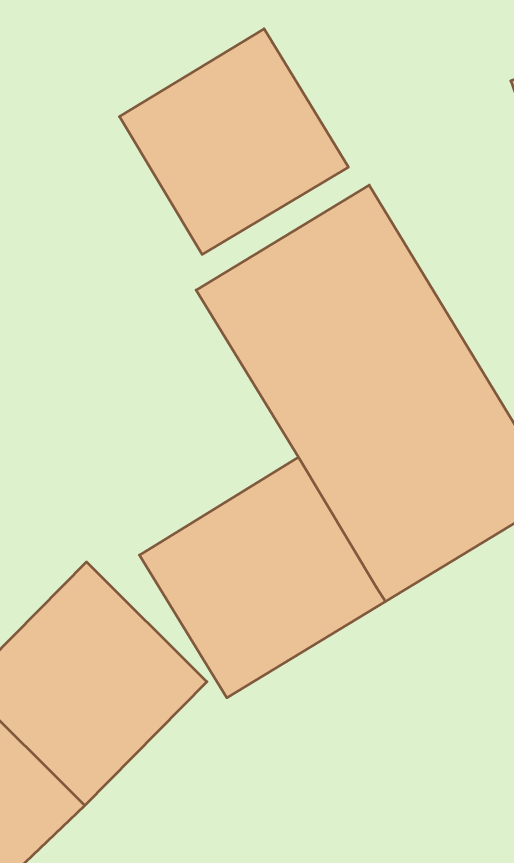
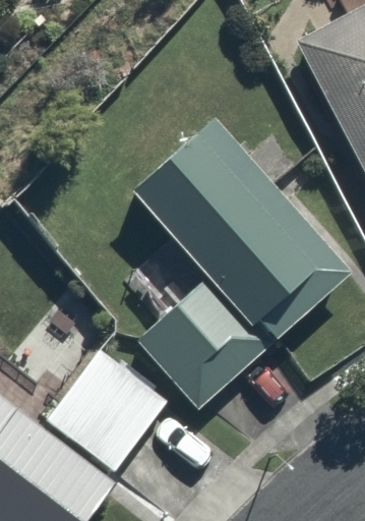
building: [119,29,348,254] -> none

